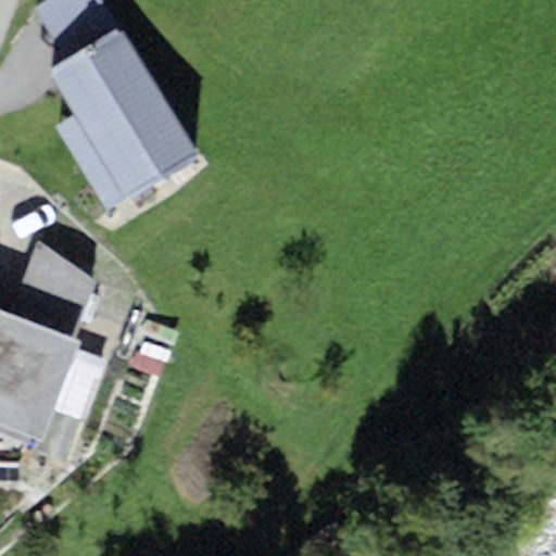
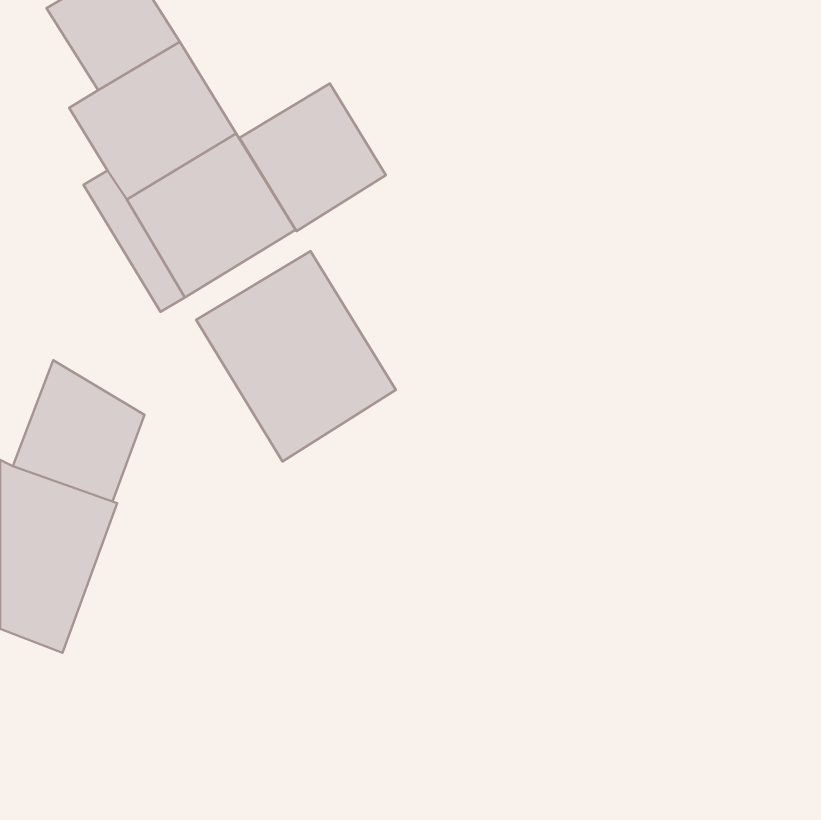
building: none -> [240,84,386,231]
building: none -> [196,251,396,461]

